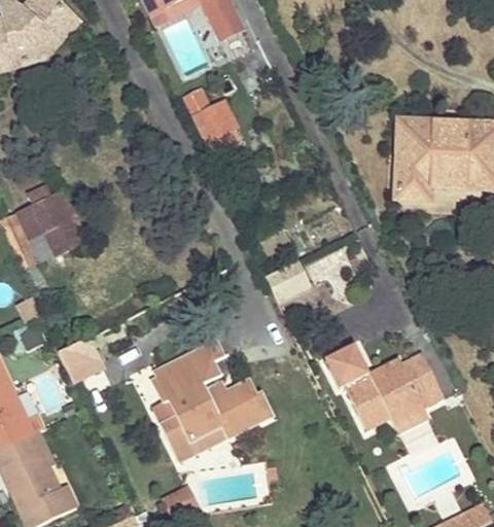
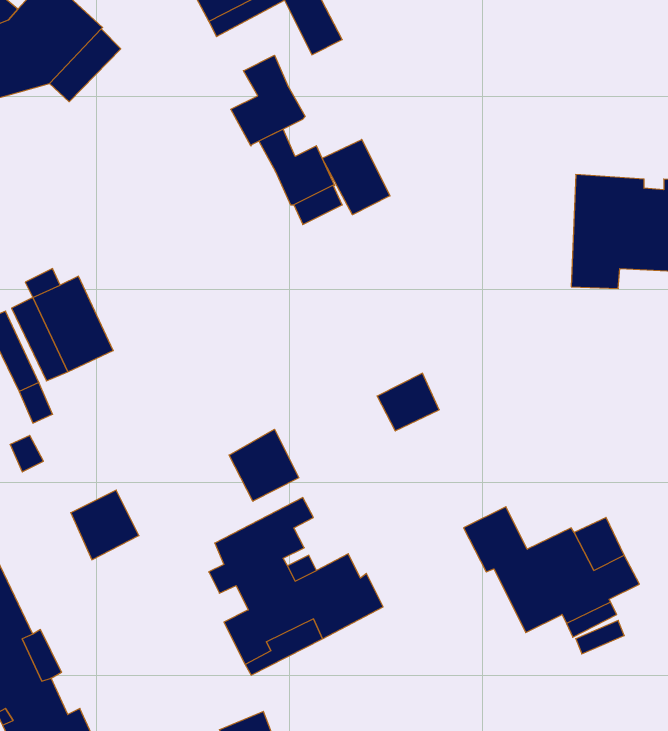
building: none -> [231,55,305,146]
building: none -> [322,139,390,215]
building: none -> [229,429,299,501]

